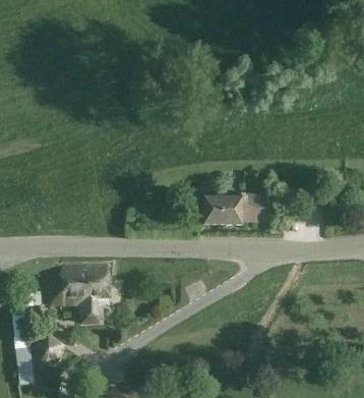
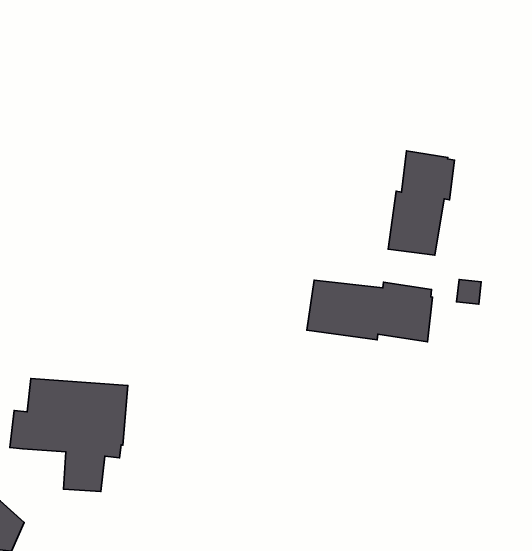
building: none -> [388,151,454,255]

